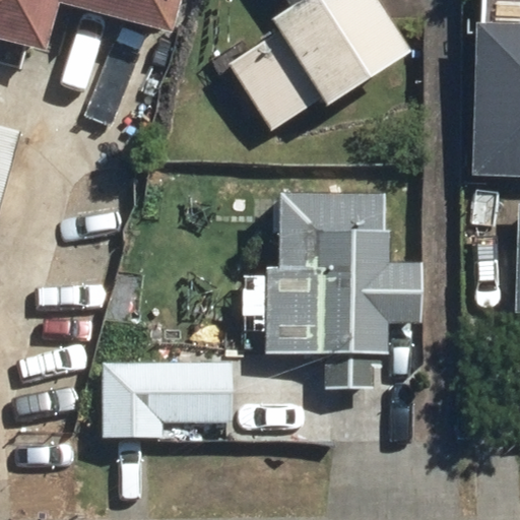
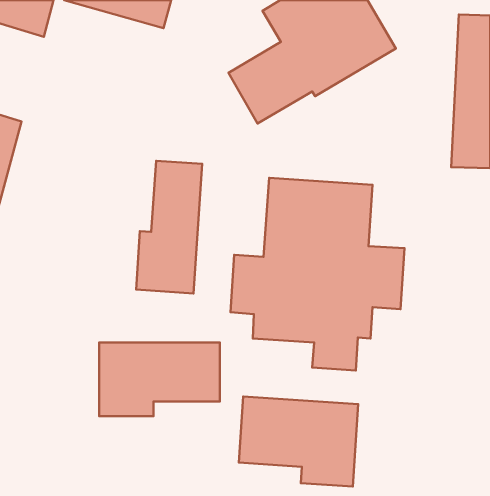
building: none -> [136,161,202,293]
building: none -> [239,397,358,487]

